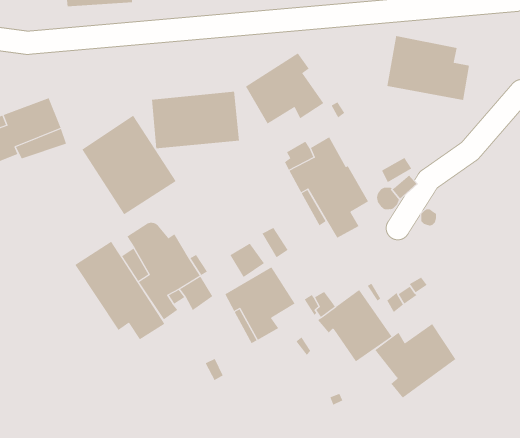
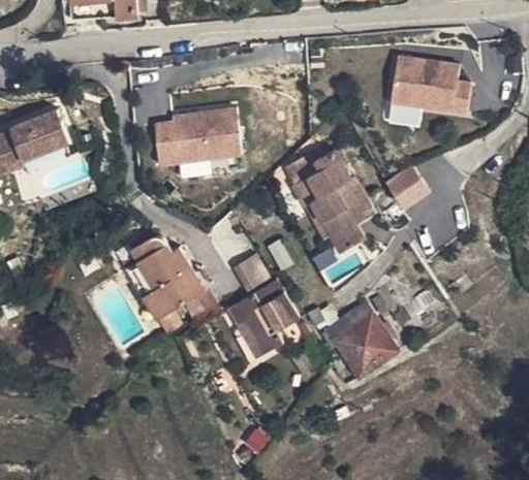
building: [245,52,324,125] -> none
building: [81,115,177,215] -> none
building: [74,241,165,340] -> none
building: [375,323,456,399] -> none

